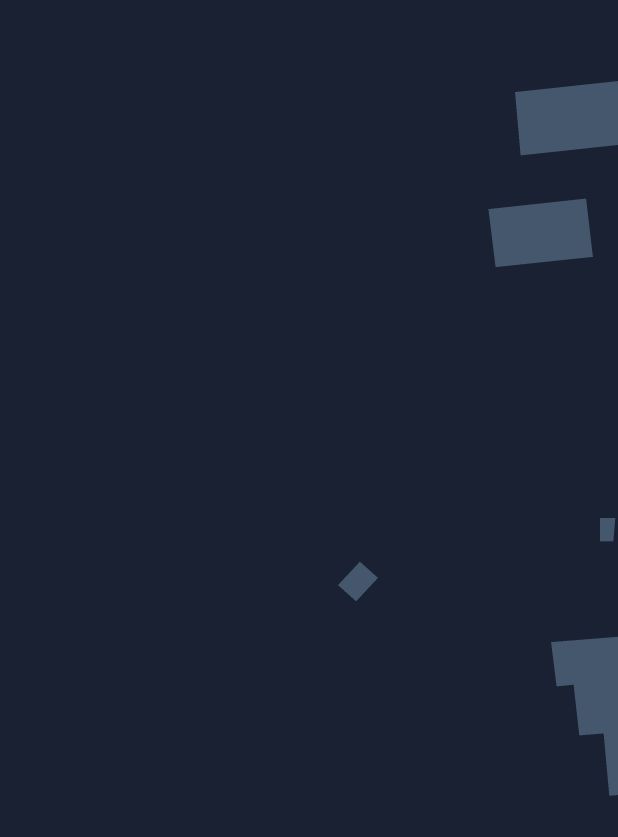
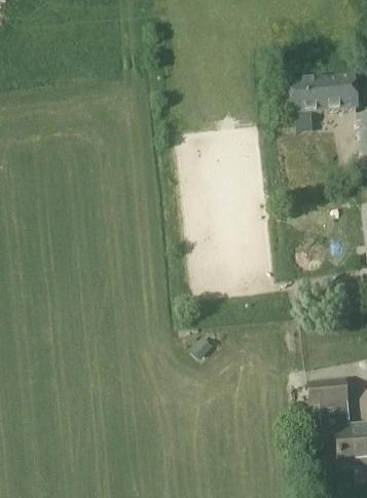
building: [488,198,594,268] -> none

